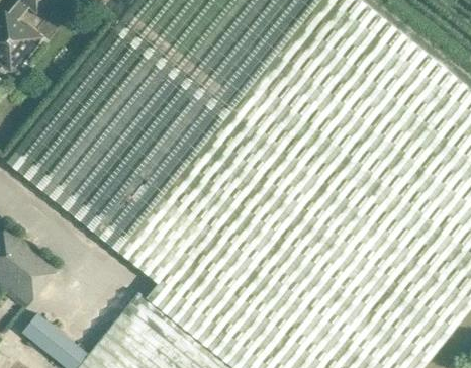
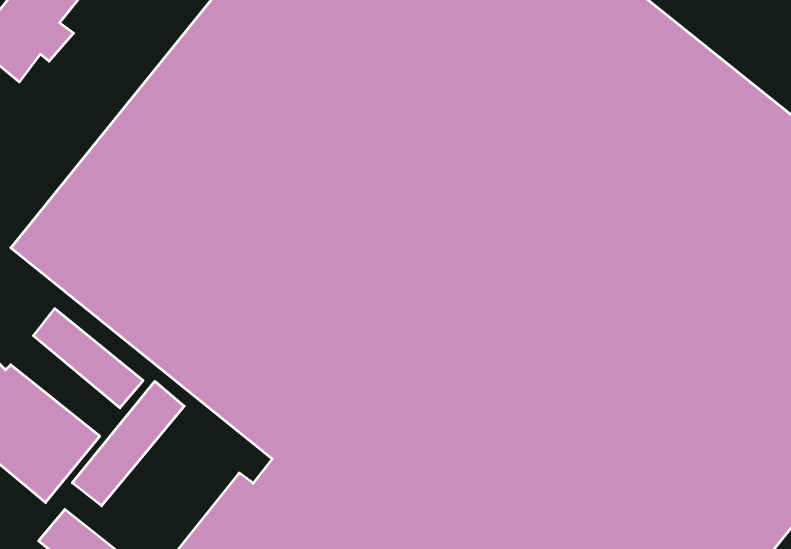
building: none -> [33,309,143,408]
building: none -> [72,381,184,506]

